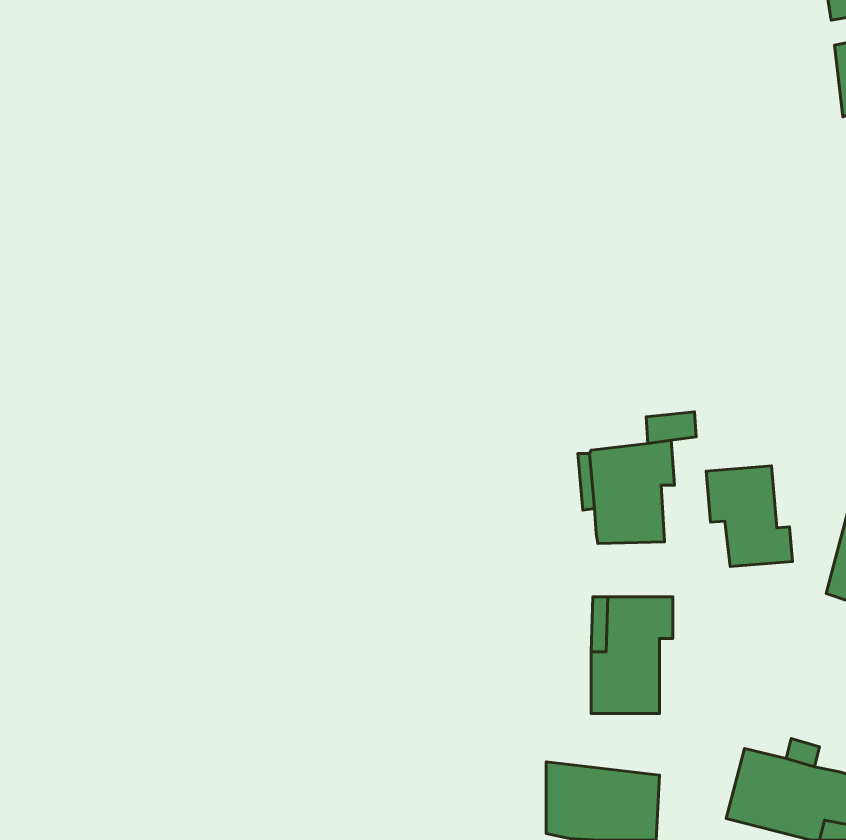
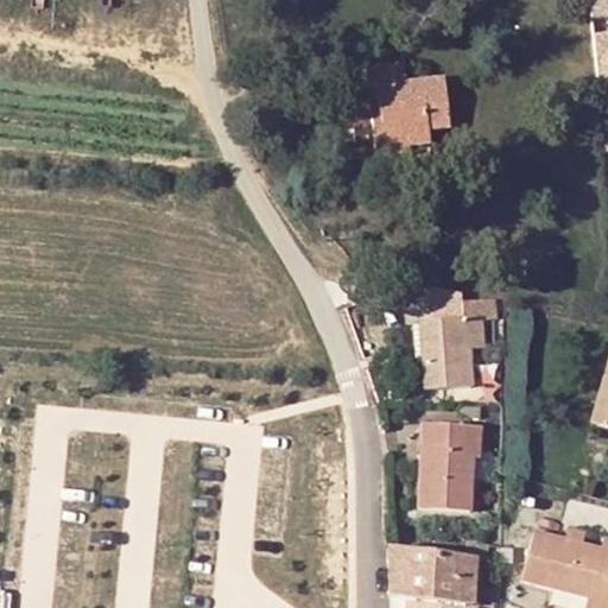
building: none -> [368,59,450,140]
building: [706,466,792,567] -> none

